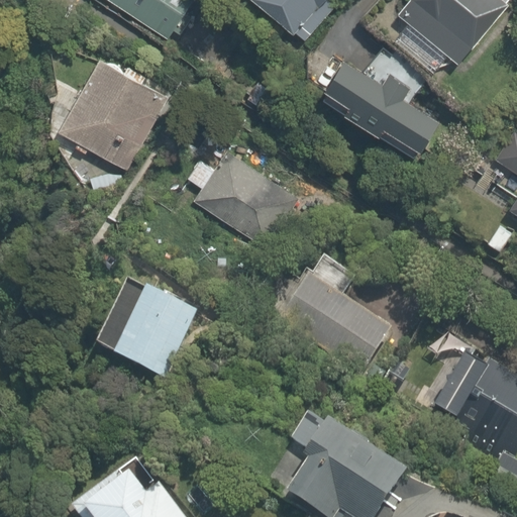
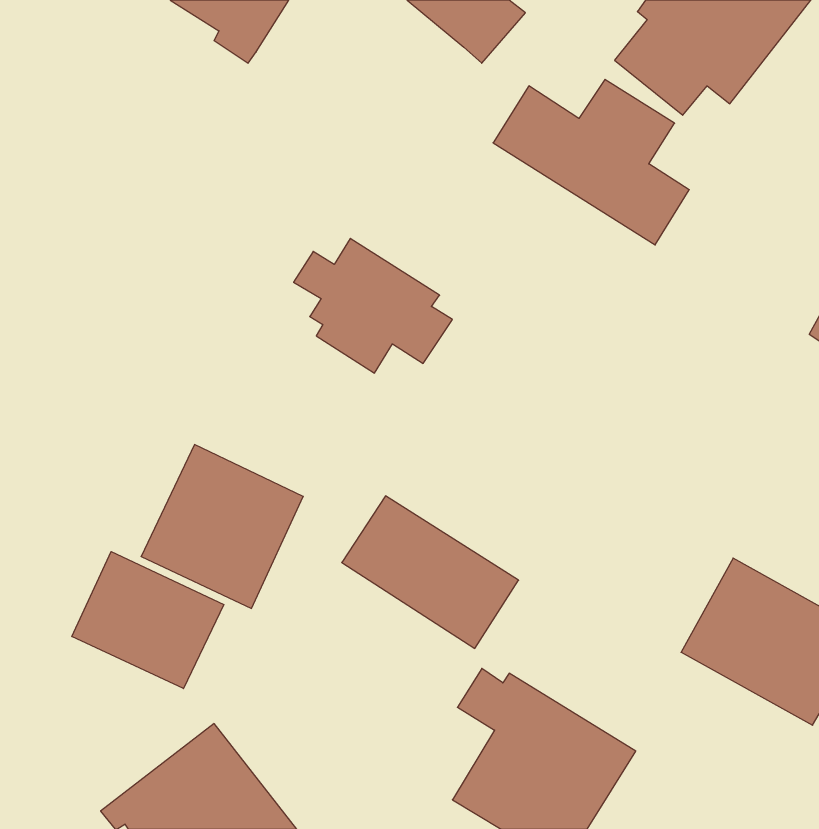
building: [60,59,169,170] -> none
building: [281,277,391,372] -> [342,496,519,648]
building: none -> [72,552,224,689]

